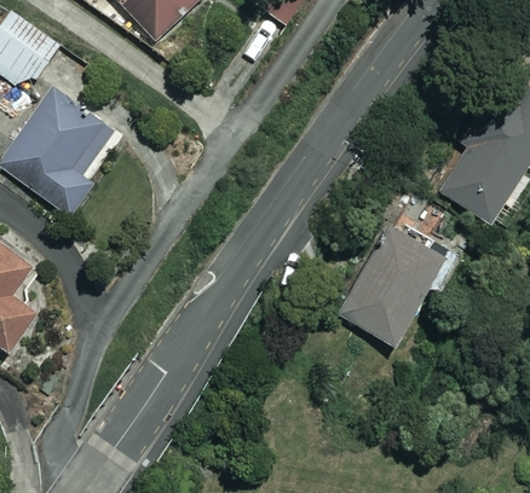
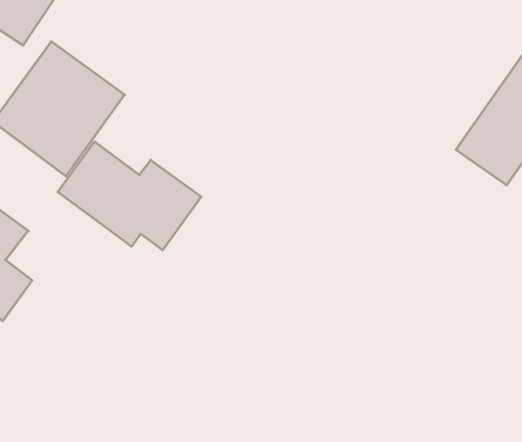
building: none -> [58,142,201,250]
building: [336,230,451,346] -> none

